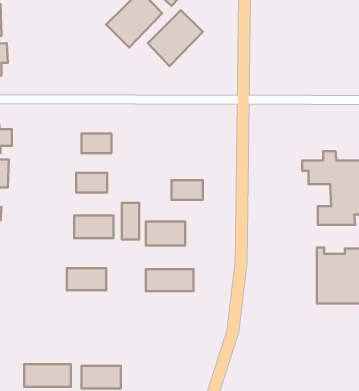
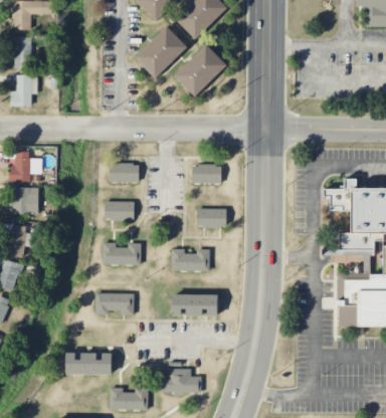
building: none -> [192,164,221,183]
building: [122,203,139,239] -> none
building: none -> [164,368,200,392]
building: [24,364,71,387] -> [66,353,112,375]

